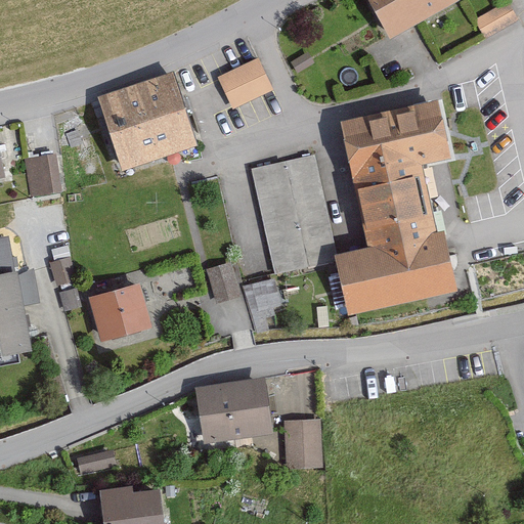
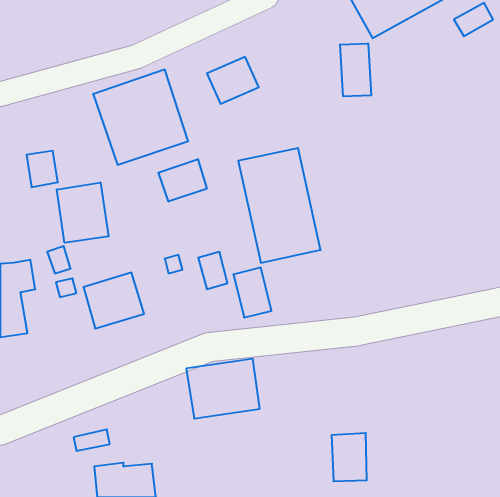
building: none -> [340,43,371,96]
building: [337,102,458,317] -> none
building: none -> [158,159,207,202]
building: none -> [57,182,109,243]
building: [282,417,319,467] -> [332,433,367,481]

